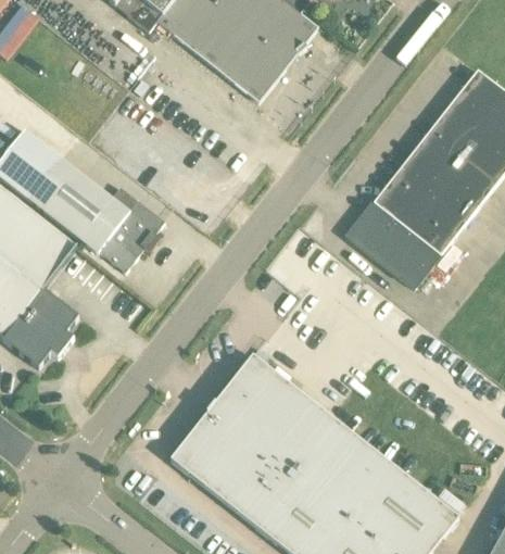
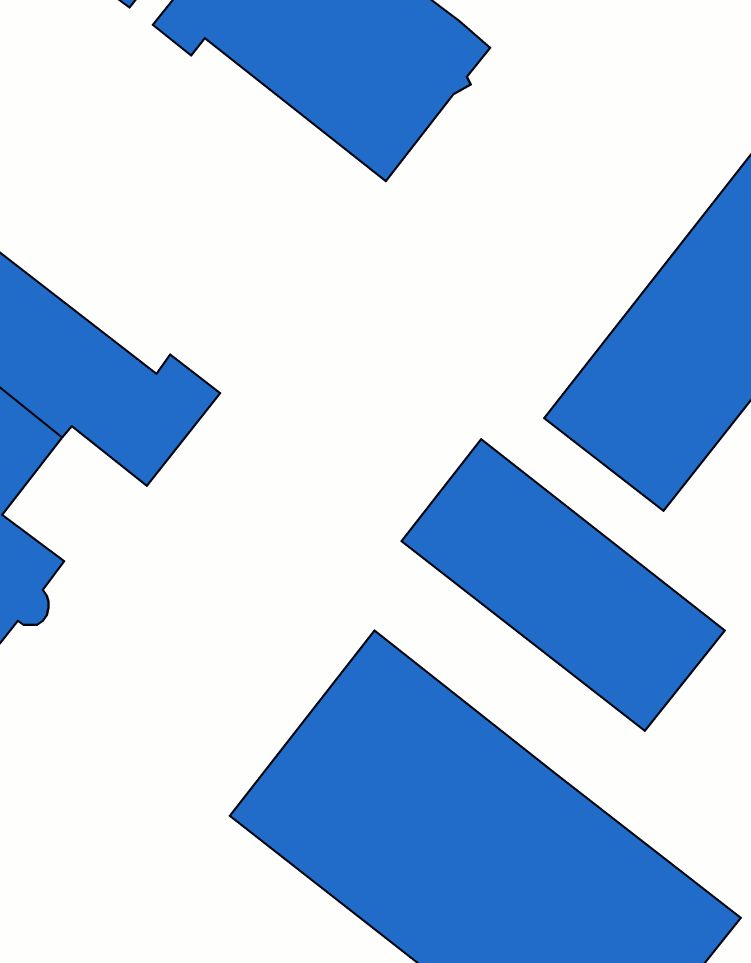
building: none -> [401,439,725,731]

